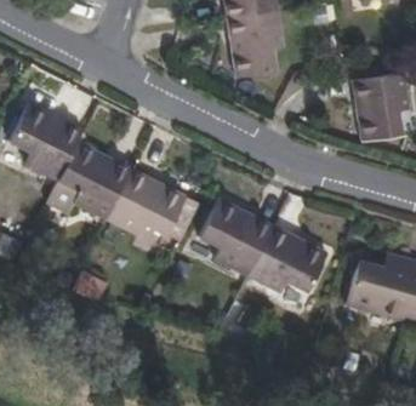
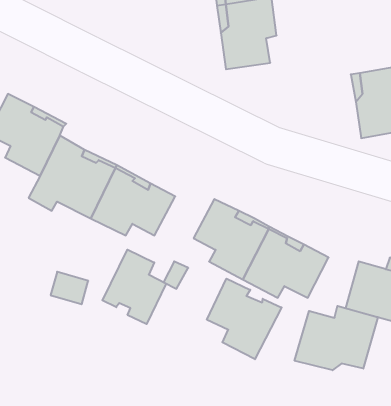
building: none -> [102,250,166,324]
building: none -> [207,279,282,359]
building: none -> [295,306,378,370]

